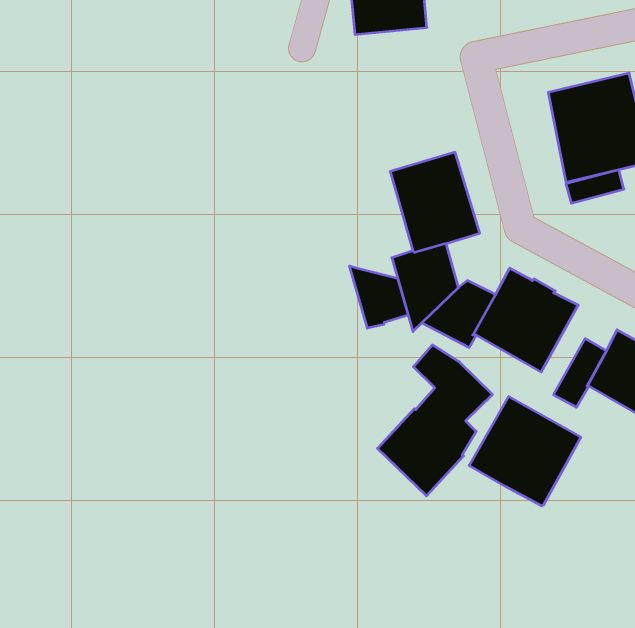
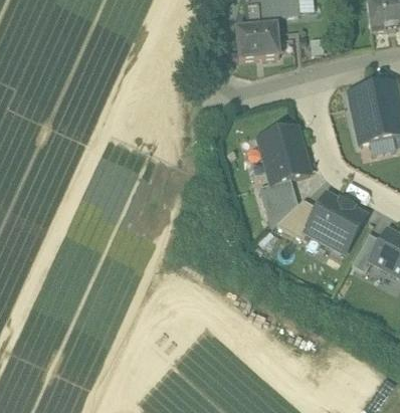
building: [350,266,408,328] -> none
building: [377,345,492,496] -> none
building: [469,397,581,506] -> none

